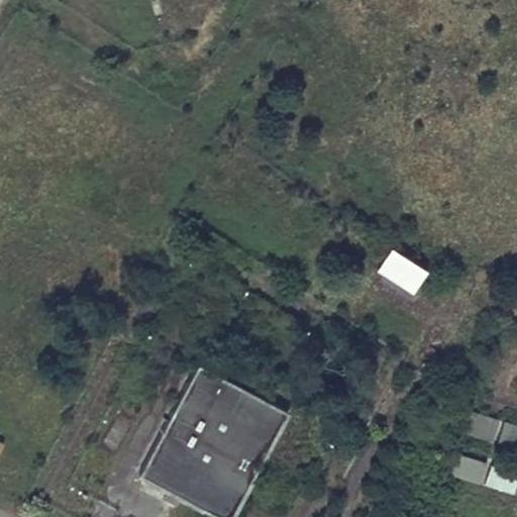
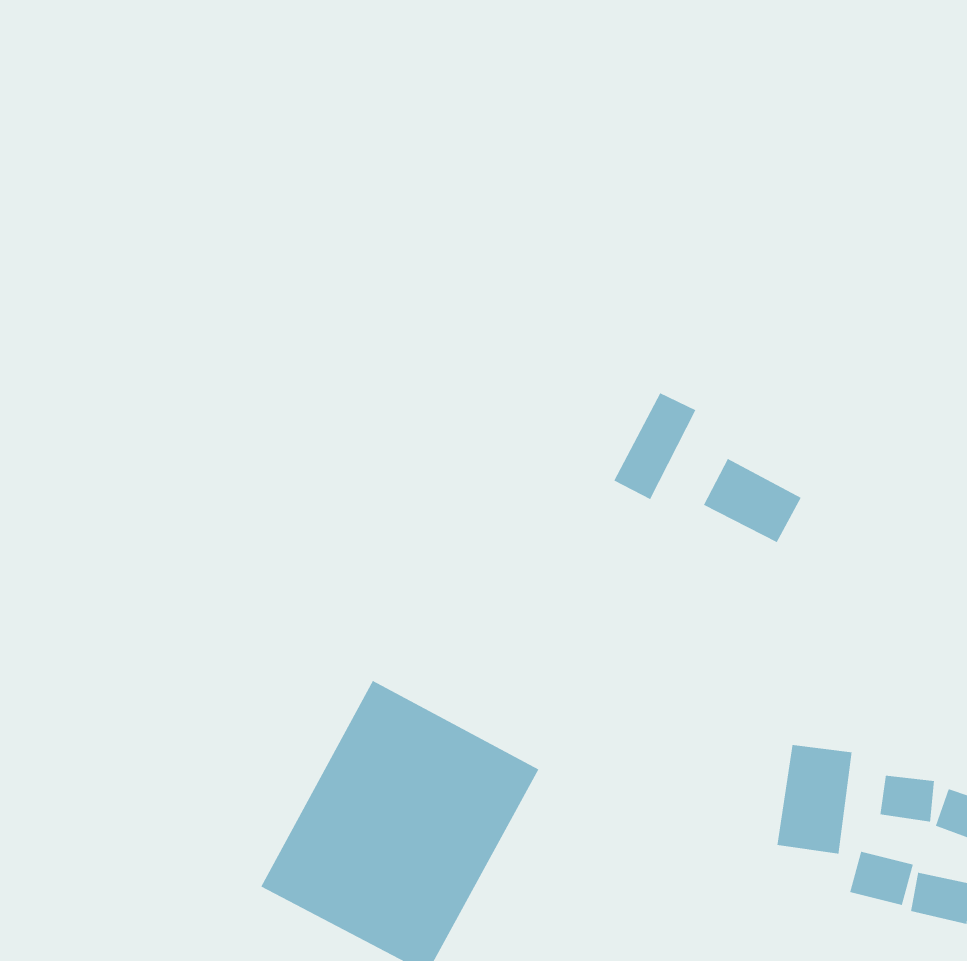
building: none -> [613,392,696,500]
building: none -> [777,744,853,855]

